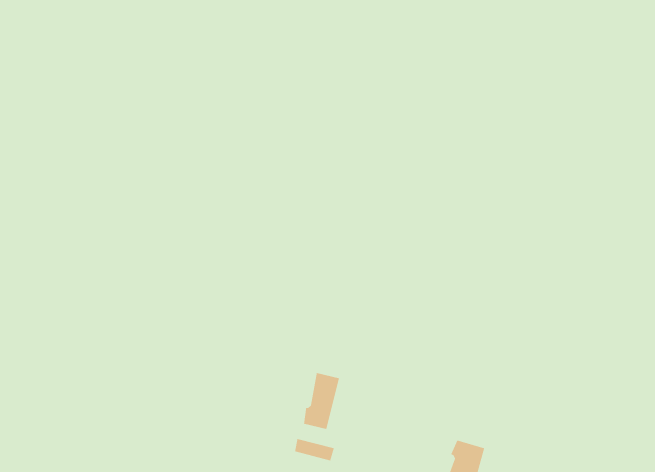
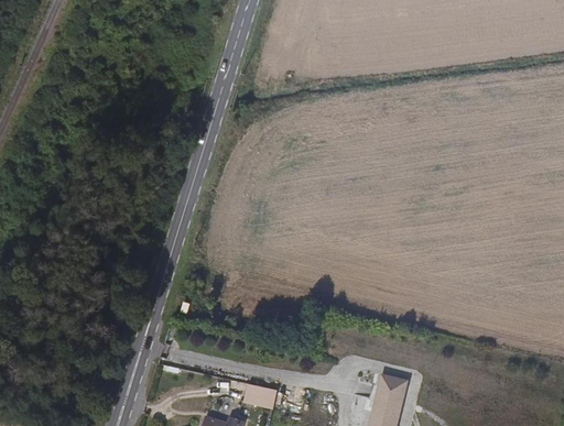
building: [303,372,340,430] -> none

